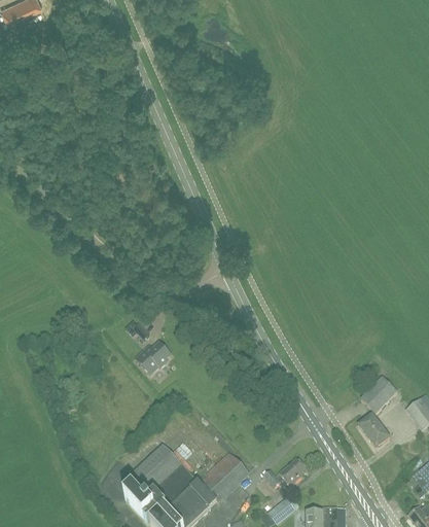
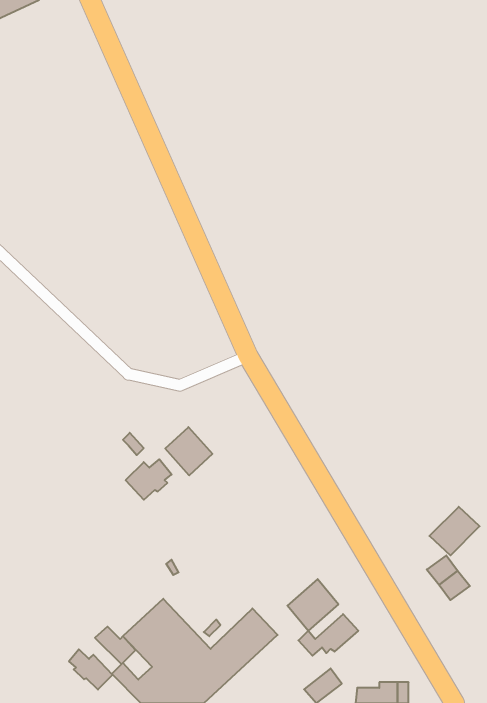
building: none -> [165,427,212,475]
building: none -> [287,579,338,631]
building: none -> [69,649,113,690]

